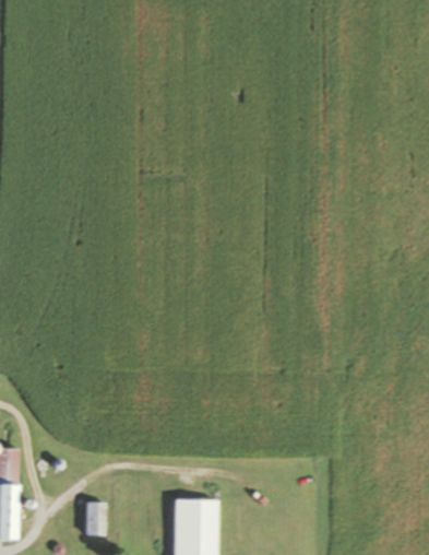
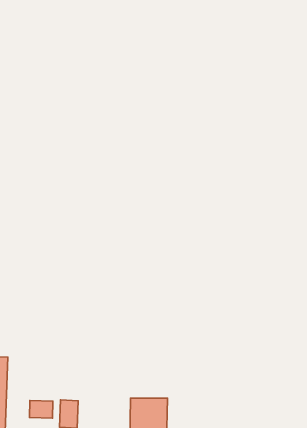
building: none -> [29,400,53,418]

